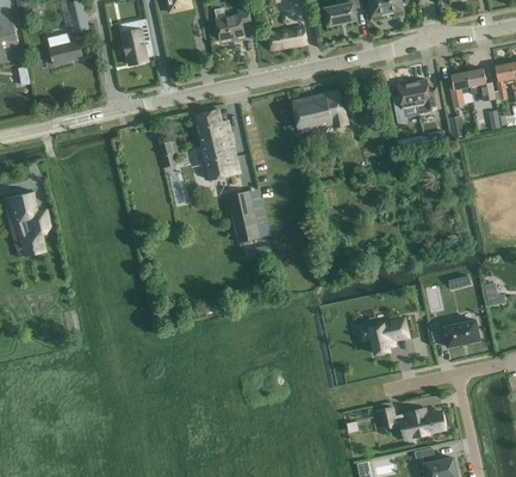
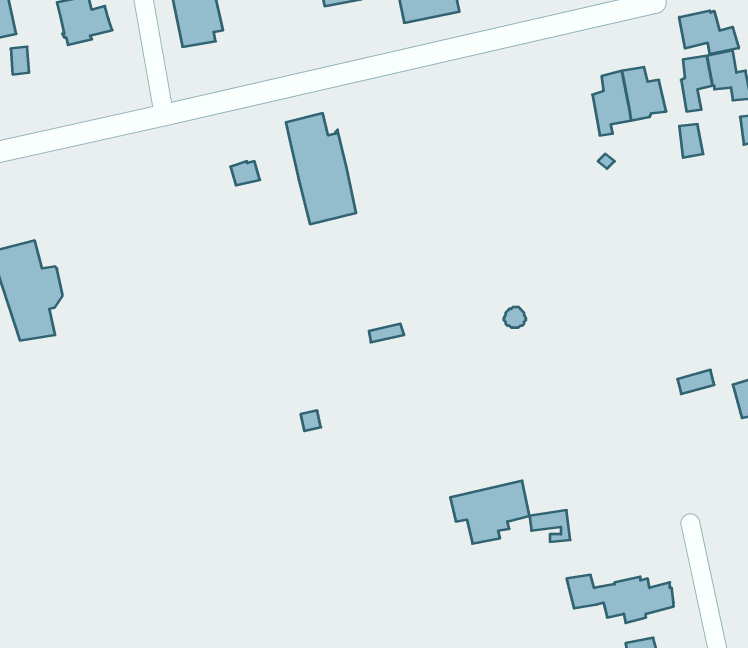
building: none -> [679,11,739,54]
building: [292,89,348,134] -> none
building: [229,191,259,242] -> none
building: [359,315,410,355] -> [450,481,530,544]
building: [428,320,479,347] -> none

